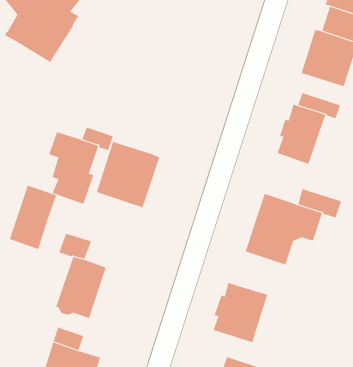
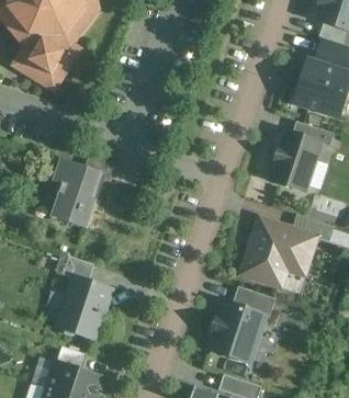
building: [96,141,160,208] -> none
building: [9,185,57,250] -> none
building: none -> [230,287,274,319]

